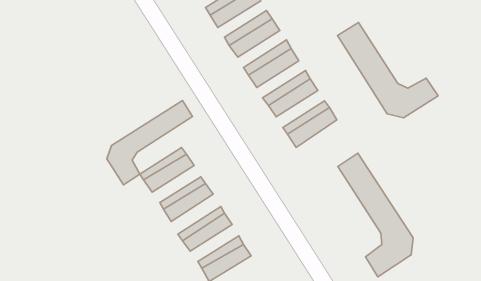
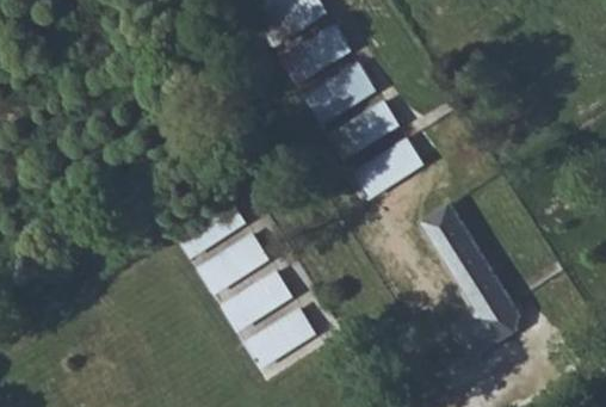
building: [337,22,438,118] -> none
building: [107,100,193,185] -> none

